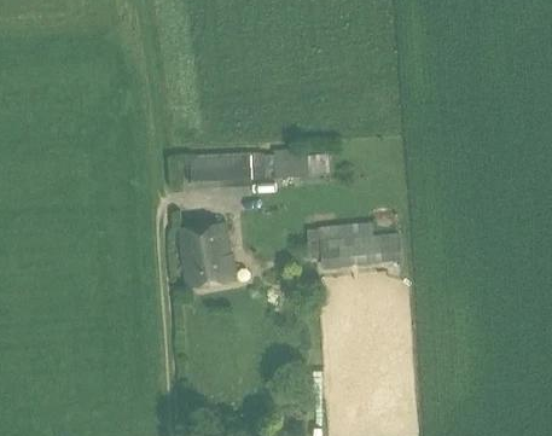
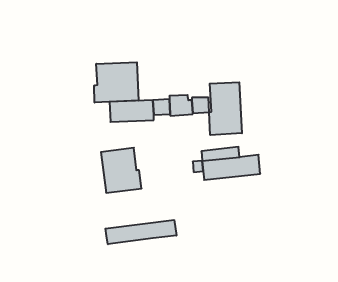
building: none -> [94,62,138,103]
building: none -> [209,82,242,135]
building: none -> [105,220,176,244]

